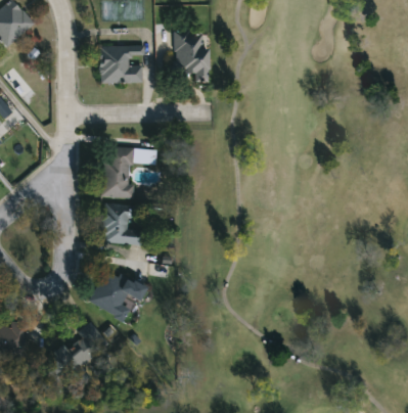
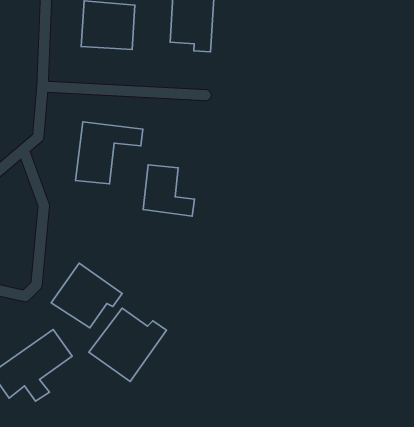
building: [101,203,144,244] -> [143,165,195,216]
building: none -> [89,308,166,381]

